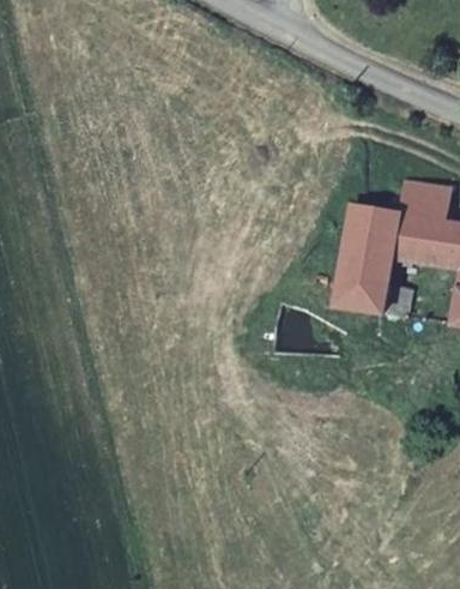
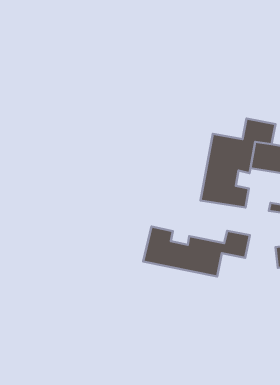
building: none -> [143,227,250,277]

